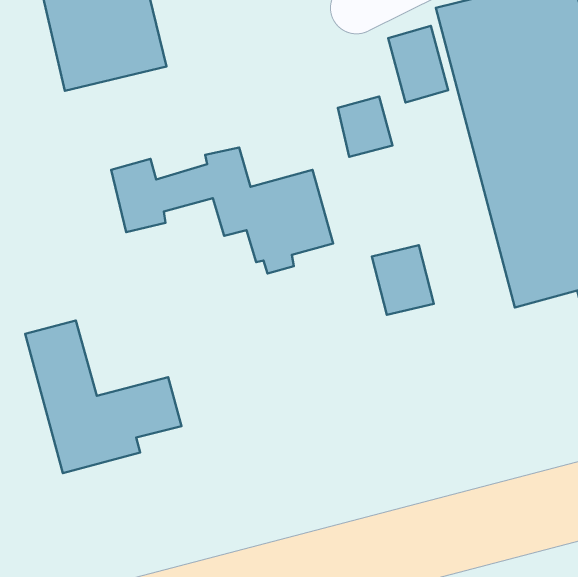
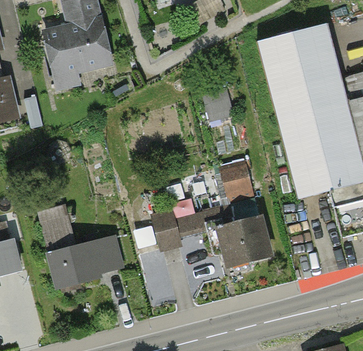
building: [388,26,448,103] -> none
building: [111,147,333,274] -> [153,203,271,270]

